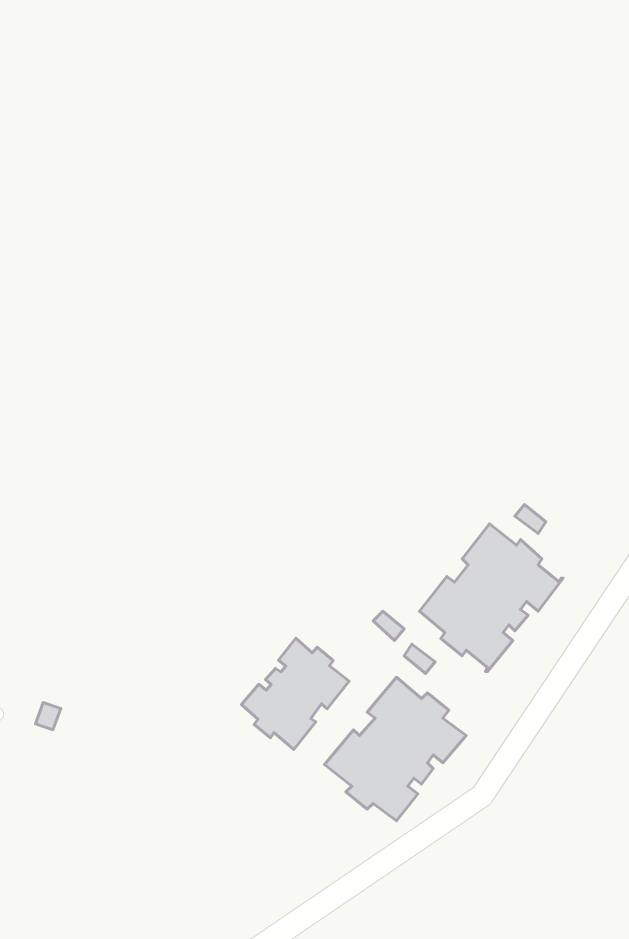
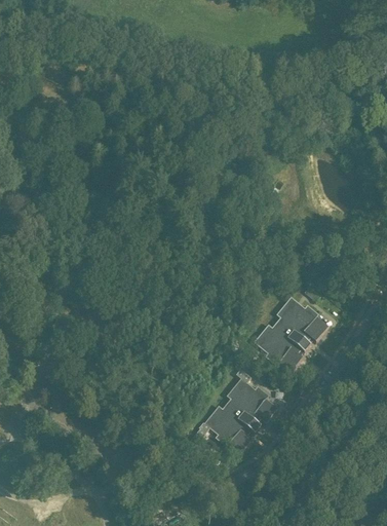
building: [241,638,349,749] -> none

